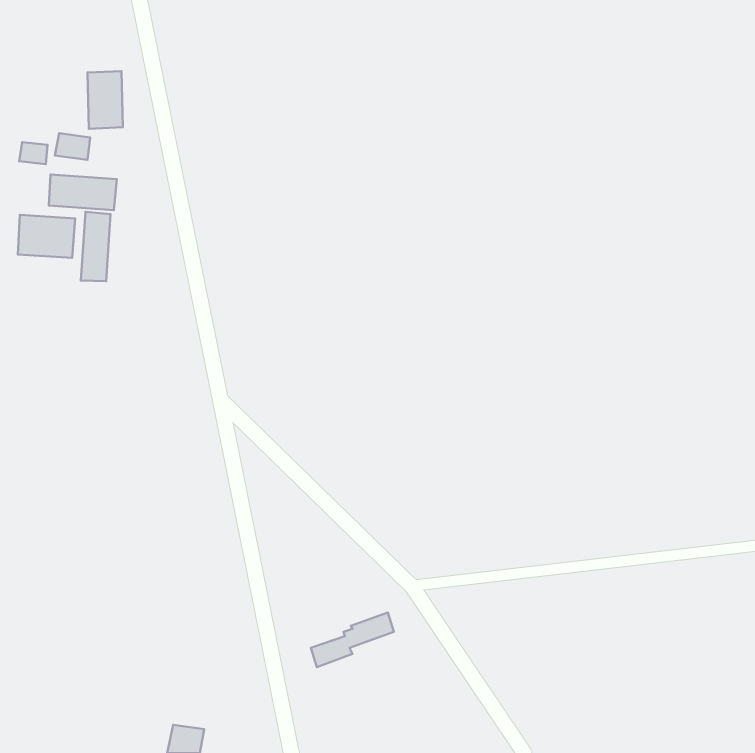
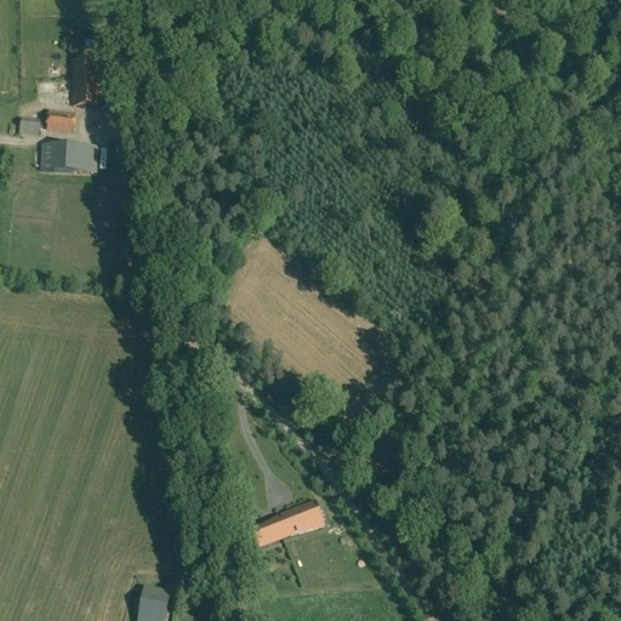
building: [81,212,110,281] -> none
building: [18,215,75,258] -> none

